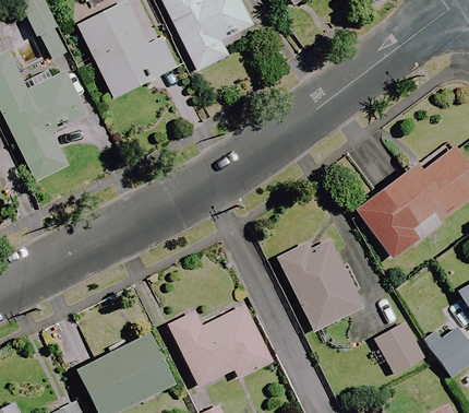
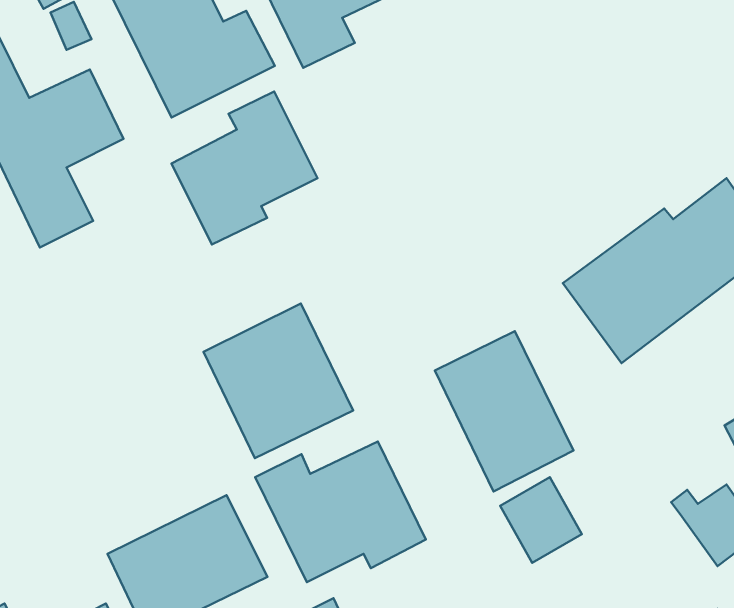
building: none -> [171,91,317,244]
building: none -> [204,303,353,458]
building: [374,321,424,374] -> [500,477,582,563]

